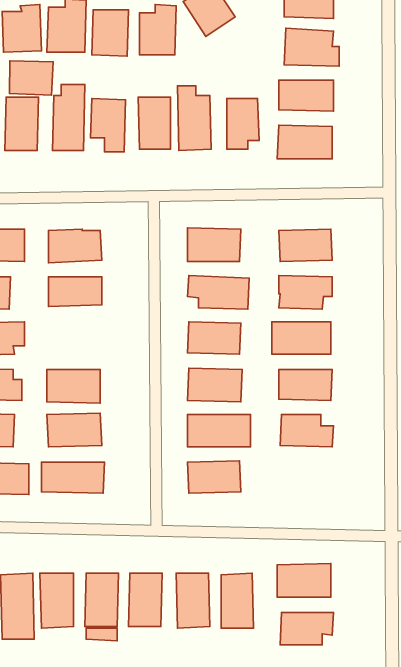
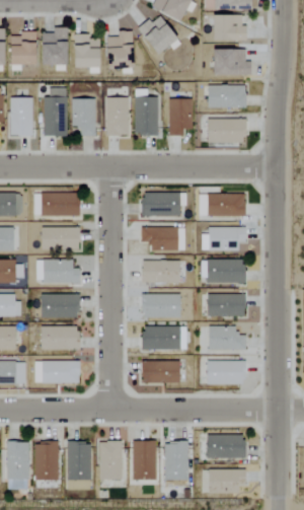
building: [10,61,53,95] -> none
building: none -> [43,260,81,283]
building: none -> [207,361,244,384]

